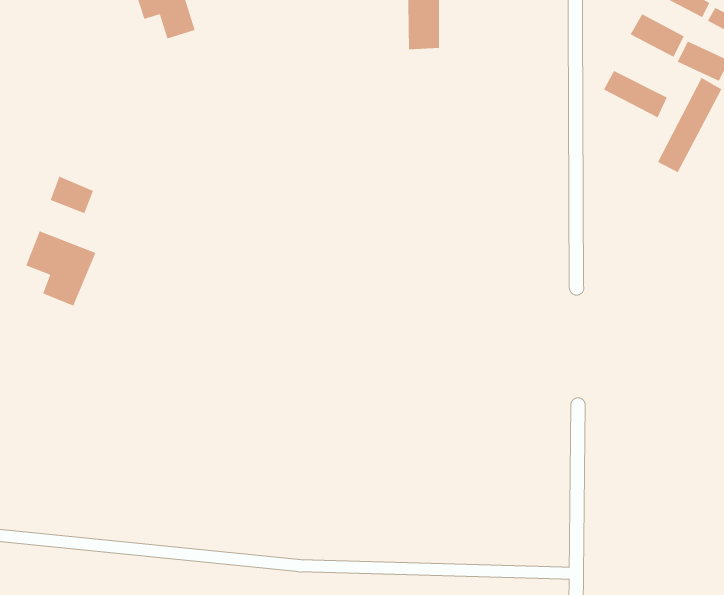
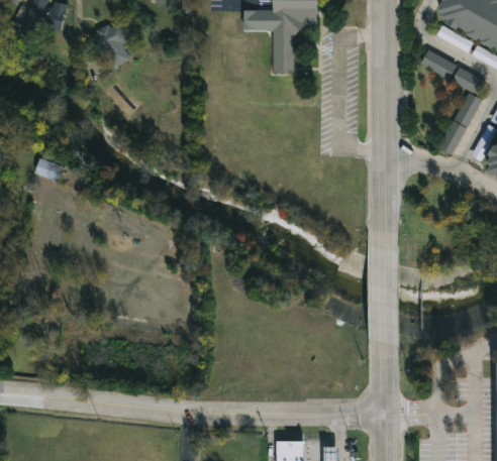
building: [603,70,667,118] -> none
building: [26,230,96,307] -> none

